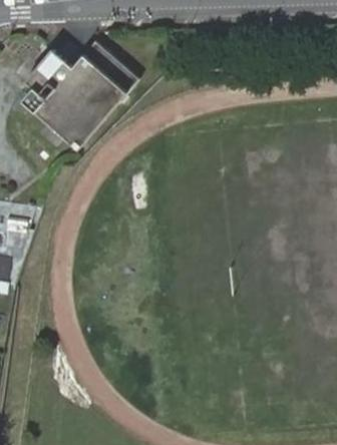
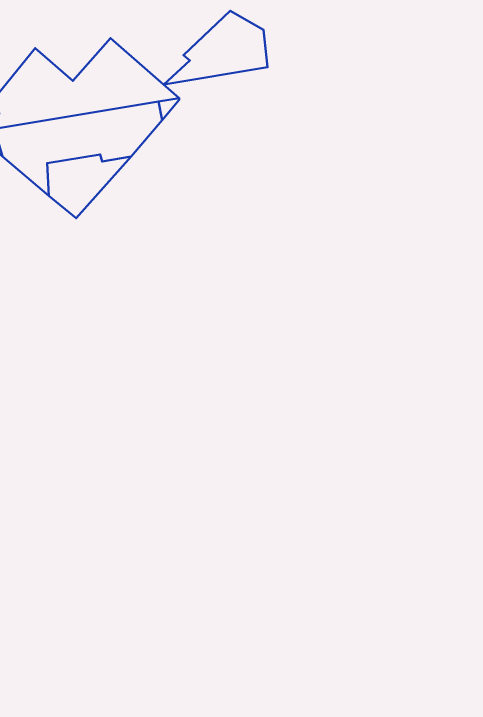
building: none -> [164,11,268,84]

